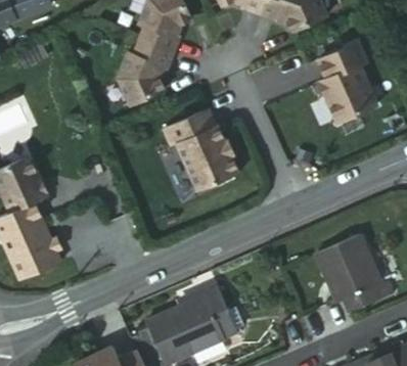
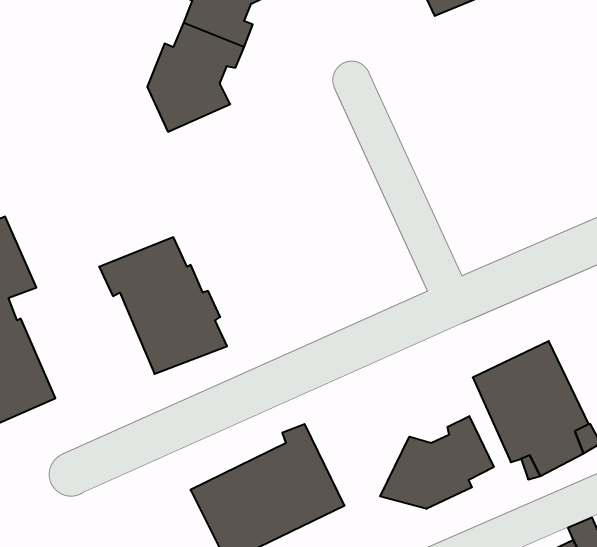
building: [316,45,375,127] -> none
building: [162,109,237,190] -> [99,237,227,374]
building: none -> [380,416,494,509]

